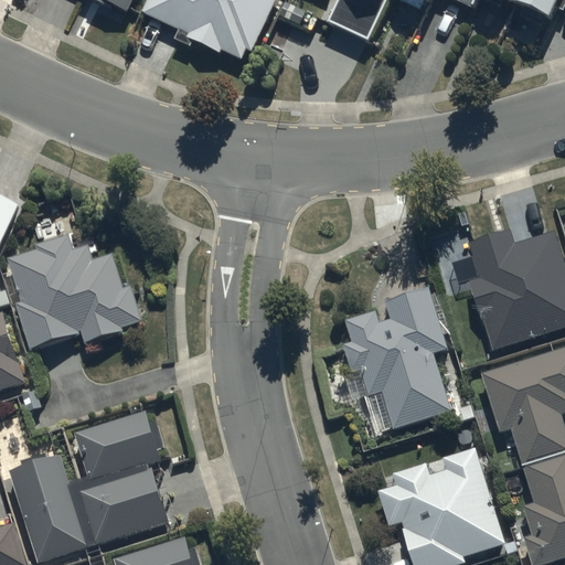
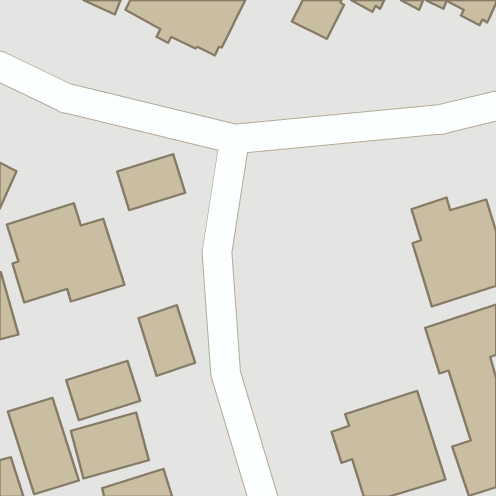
building: none -> [117,154,185,210]
building: [343,286,449,422] -> none
building: none -> [138,305,195,376]

